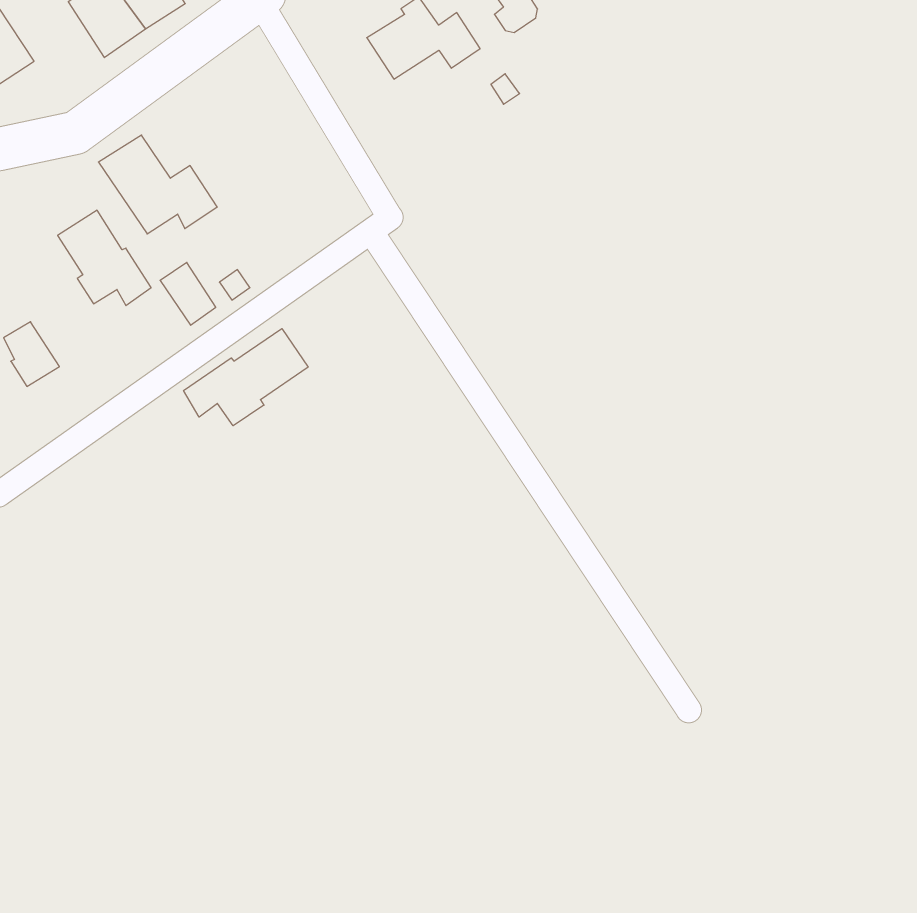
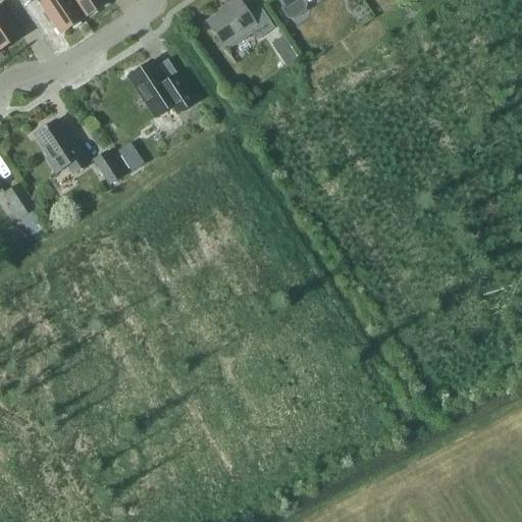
building: [98,135,217,234] -> [127,59,195,115]
building: [184,329,308,426] -> none

